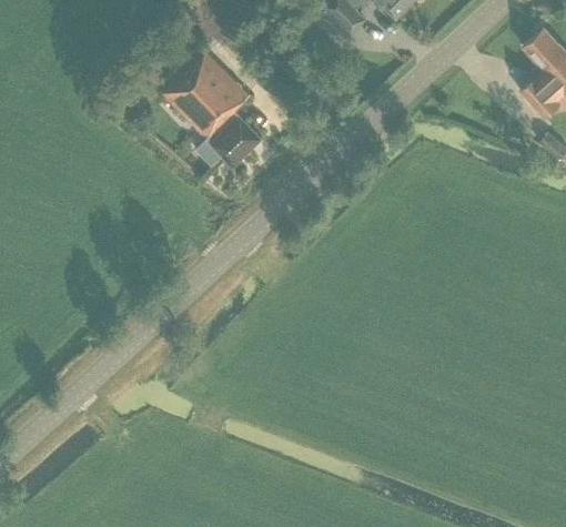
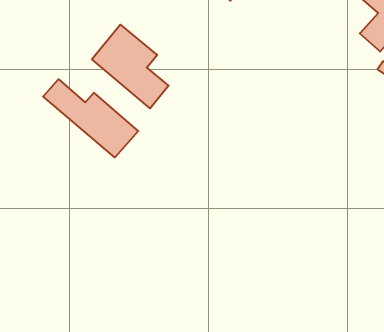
building: none -> [43,79,138,157]

